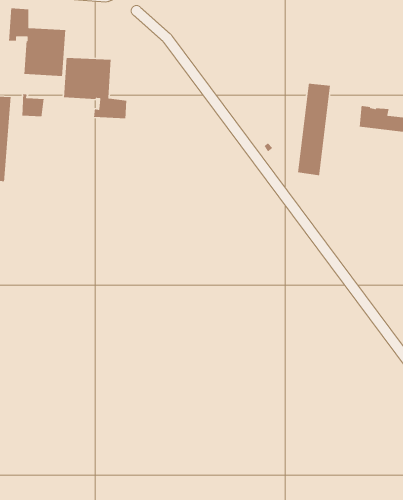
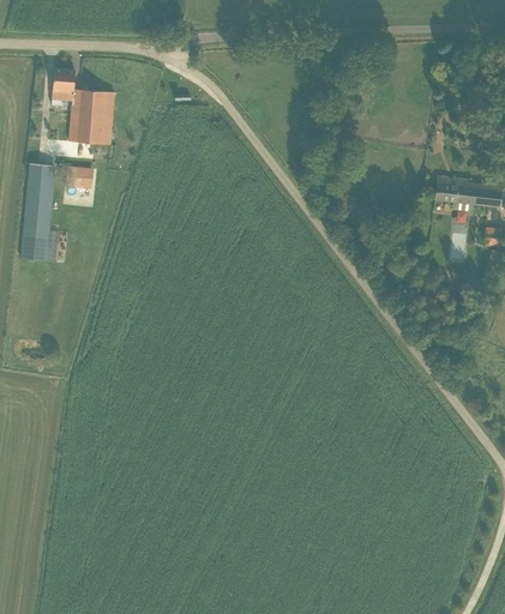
building: [63,57,127,119] -> none
building: [297,83,331,176] -> none

